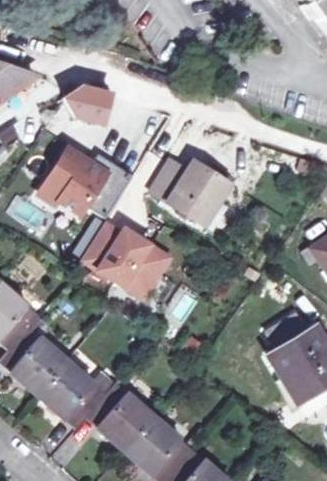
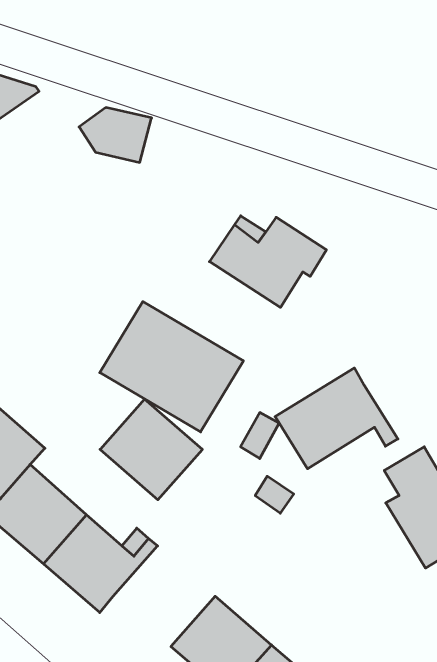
building: [36,145,113,223] -> none
building: none -> [275,368,398,469]
building: [86,382,155,450] -> [100,399,202,500]

